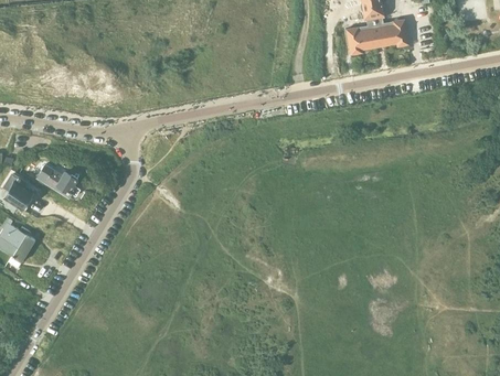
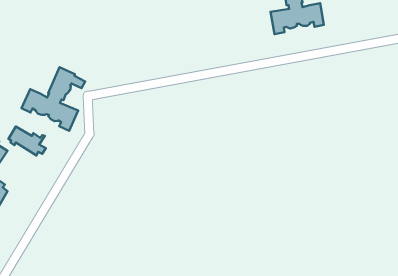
building: none -> [21,67,85,131]

